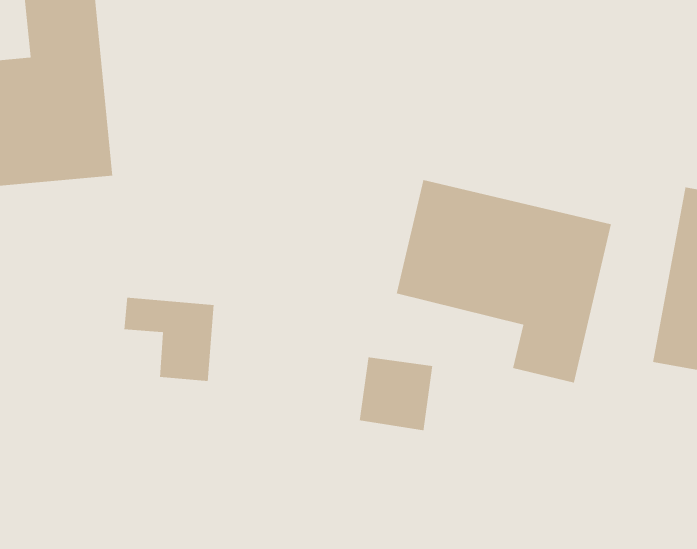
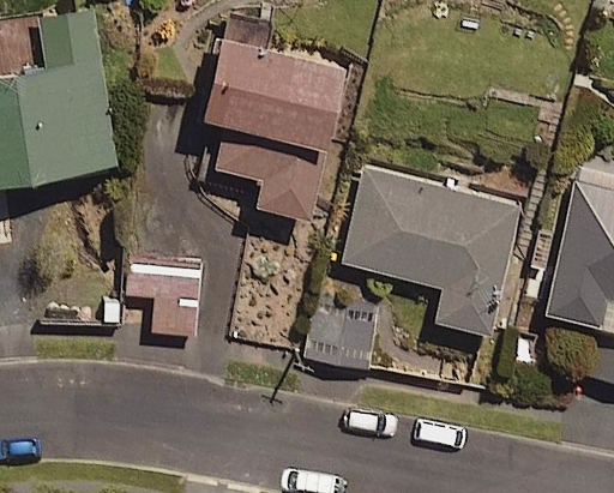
building: none -> [201,40,347,220]

